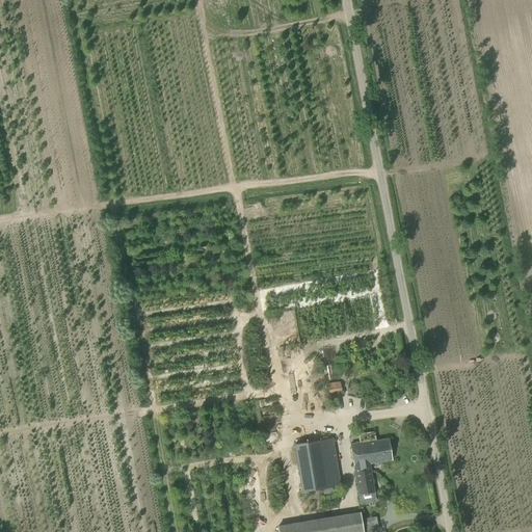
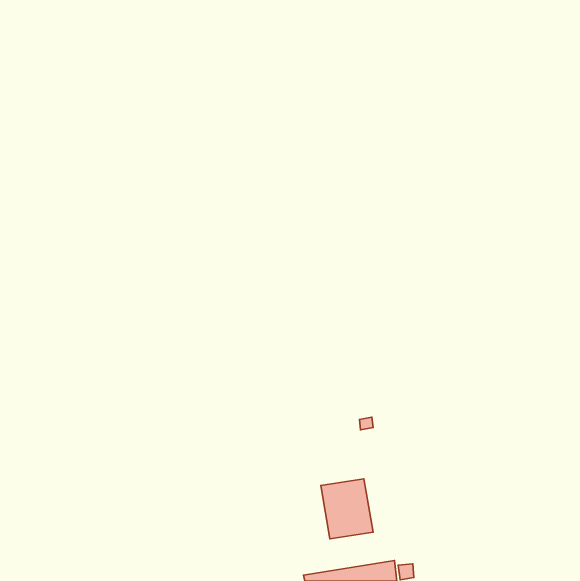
building: [351,440,392,496] -> none

